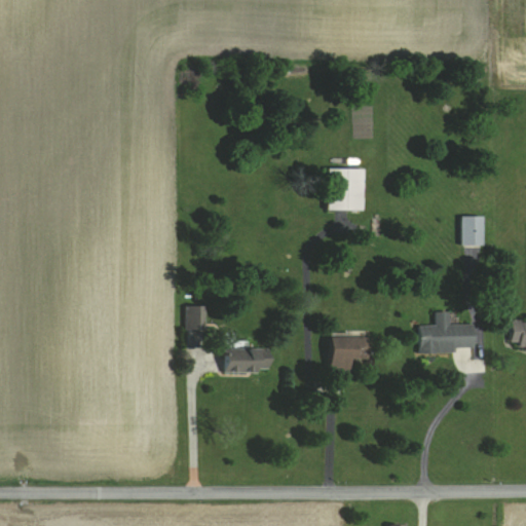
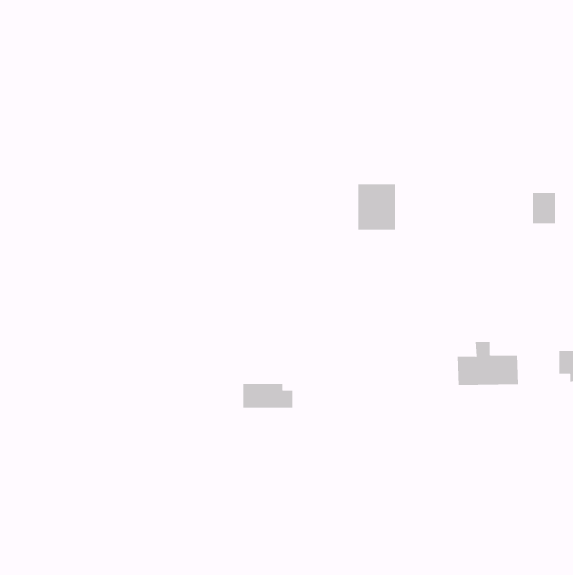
building: [462,216,484,245] -> [532,192,556,224]
building: [186,305,206,329] -> none
building: [331,336,370,376] -> none

